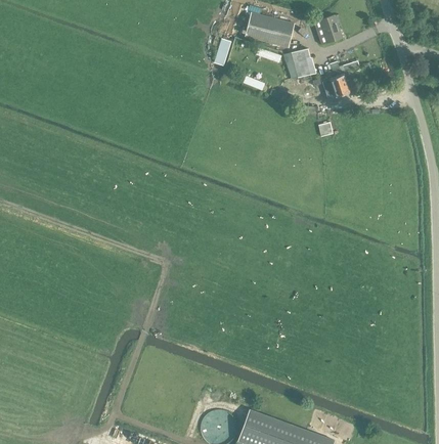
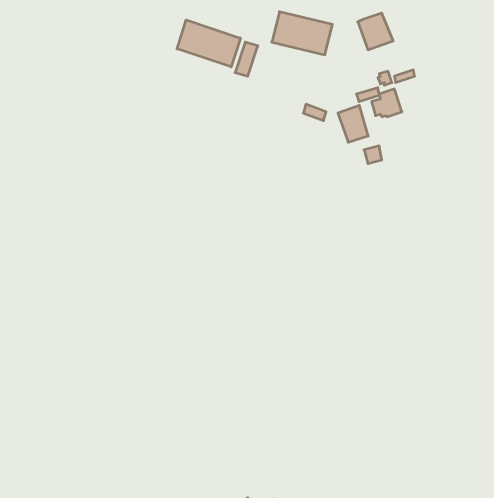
building: none -> [177,20,240,67]
building: [292,49,316,79] -> [338,105,368,142]

